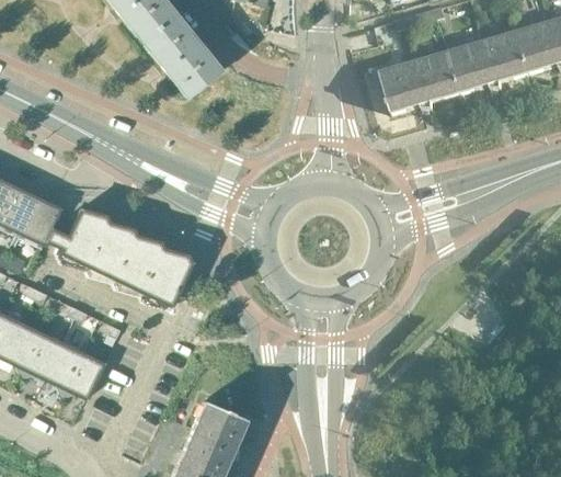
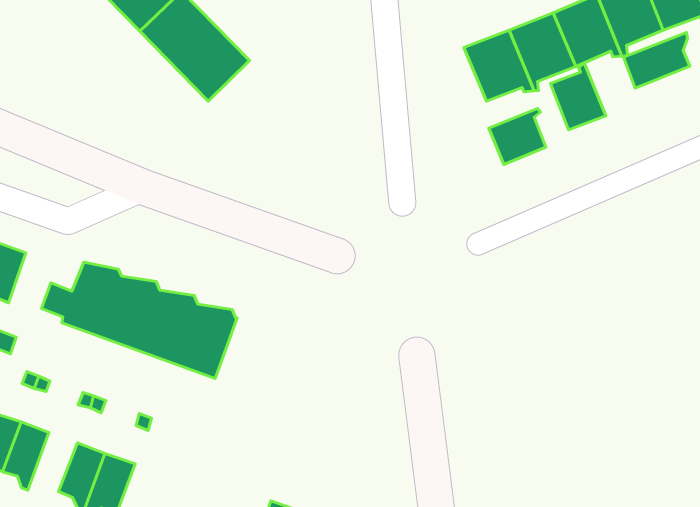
building: none -> [624,32,690,88]
building: none -> [551,63,606,130]
building: none -> [489,108,546,164]
building: [22,195,61,242] -> none
building: [23,331,64,376] -> none

